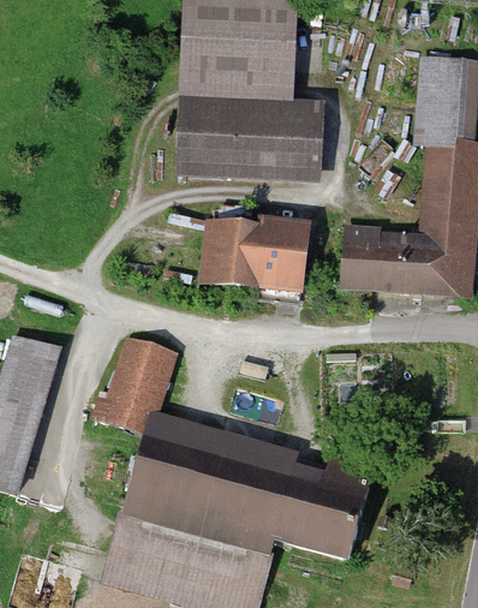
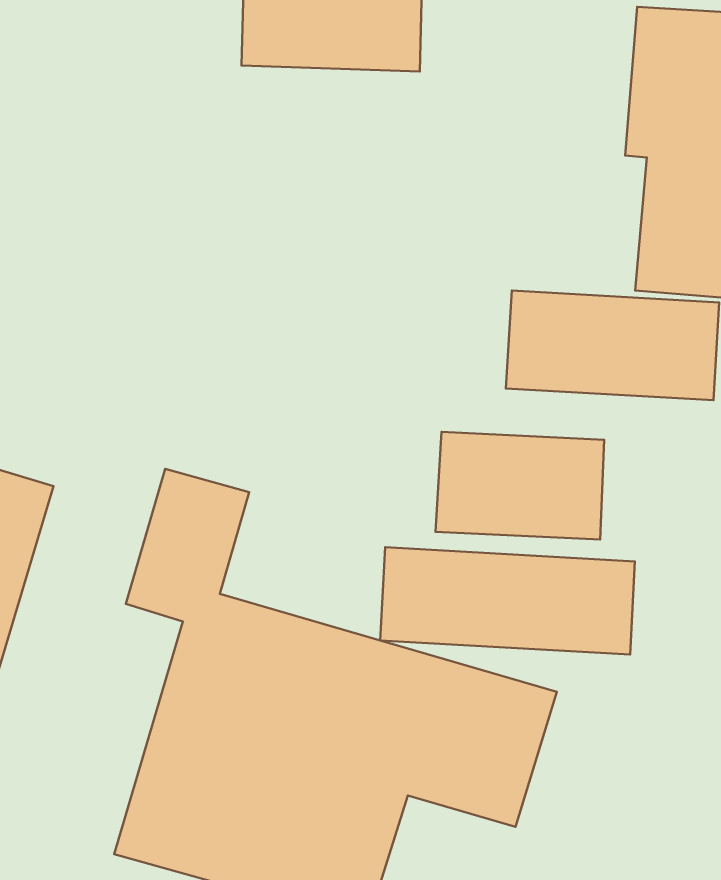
building: [173,90,322,173] -> none
building: [202,225,305,291] -> [436,432,604,539]
building: none -> [380,547,635,655]

